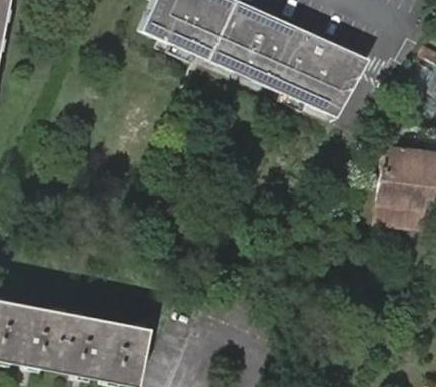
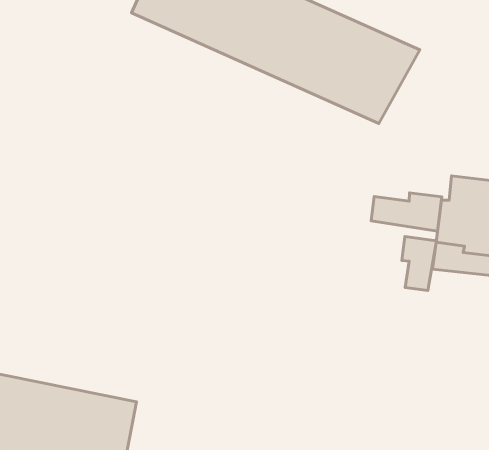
building: none -> [371,193,442,231]
building: none -> [402,237,436,290]

